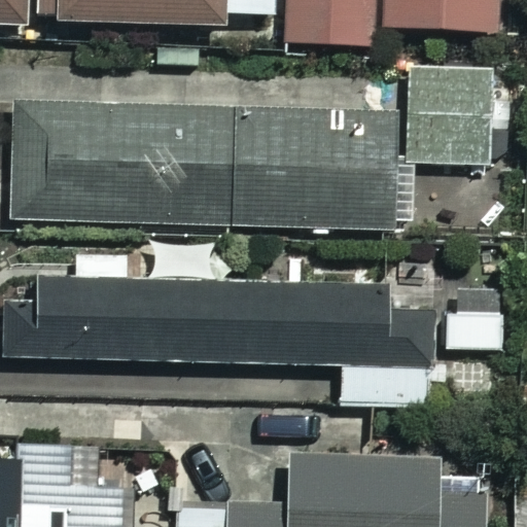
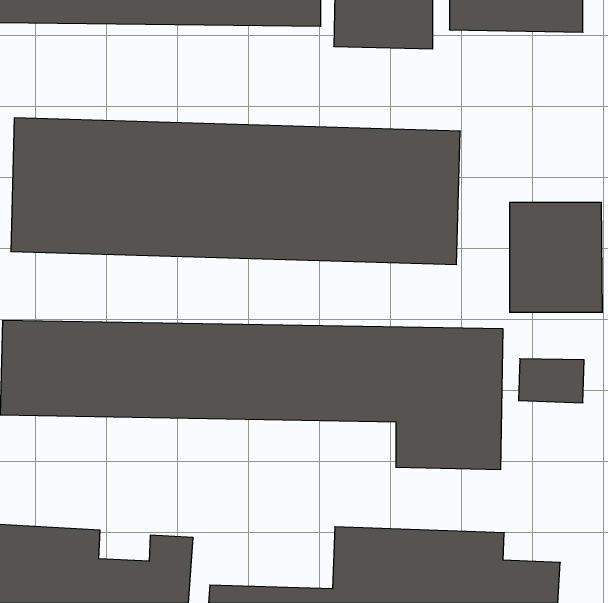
building: [410,68,490,163] -> [510,203,603,312]

